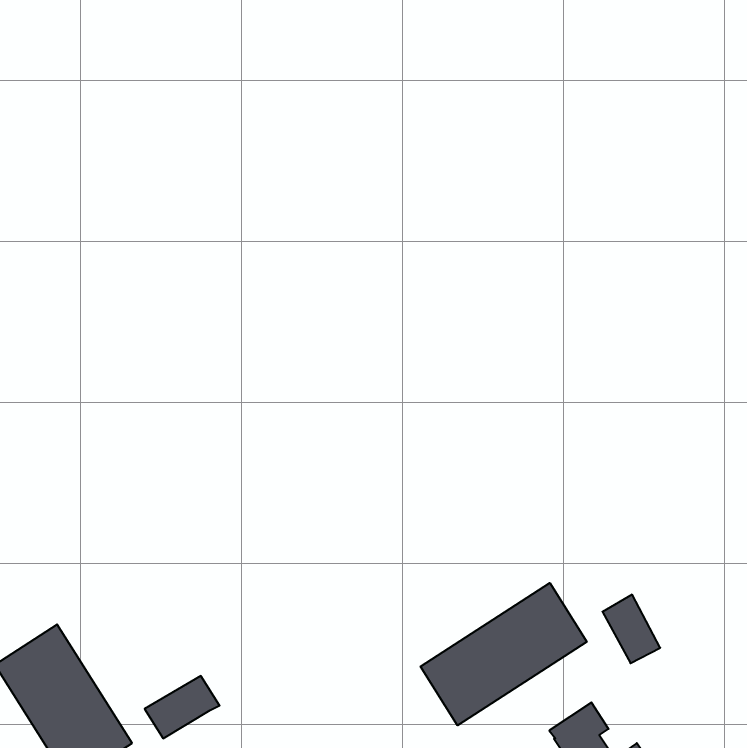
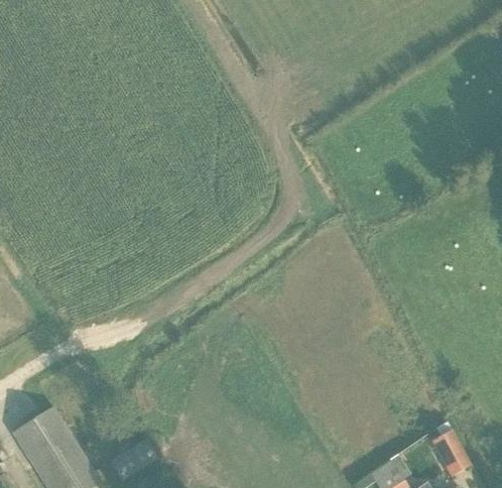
building: [421,583,587,725] -> none
building: [602,595,660,663] -> [432,431,470,475]

